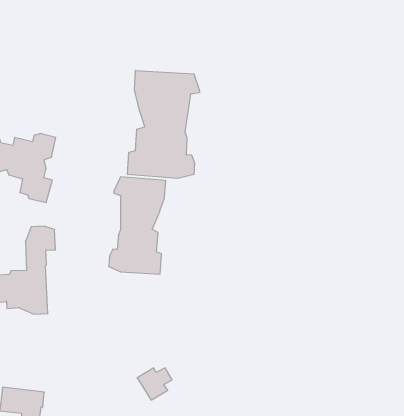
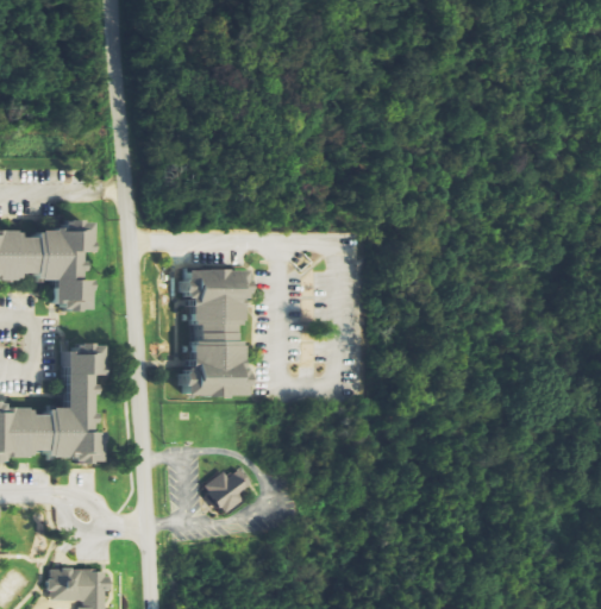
building: [128,70,200,178] -> none
building: [137,368,172,400] -> [202,469,250,514]

